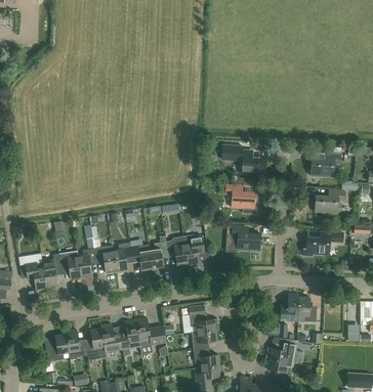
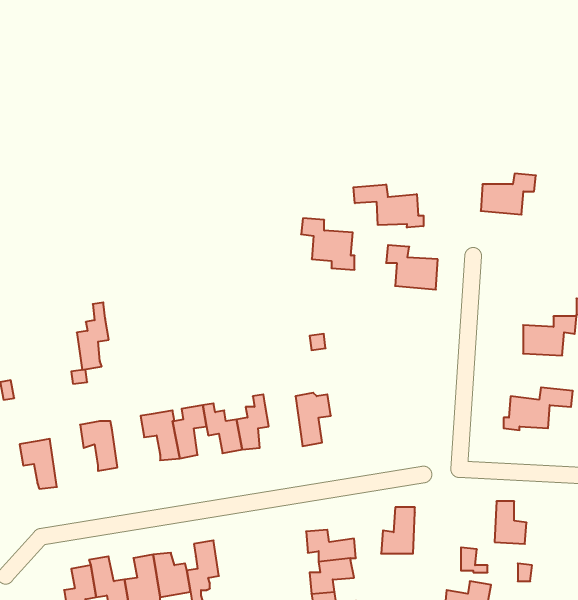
building: none -> [353,184,424,228]
building: [309,154,341,177] -> [481,174,536,215]
building: [225,184,256,214] -> [301,218,355,270]
building: [232,226,261,250] -> none
building: [166,236,188,267] -> none
building: [78,238,96,277] -> [77,302,109,370]
building: [42,253,61,289] -> none
building: [280,294,299,320] -> [381,507,415,554]
building: [136,317,166,345] -> none

